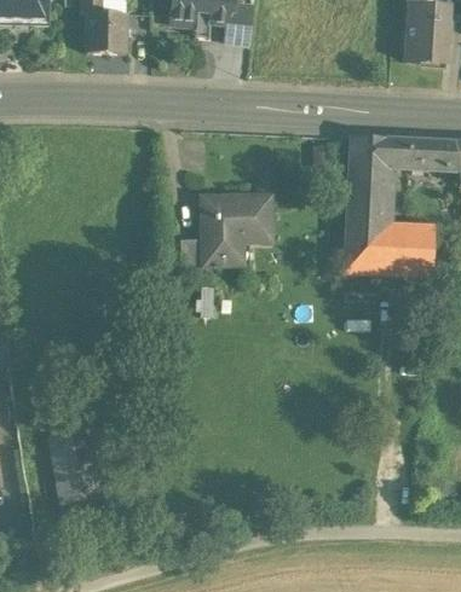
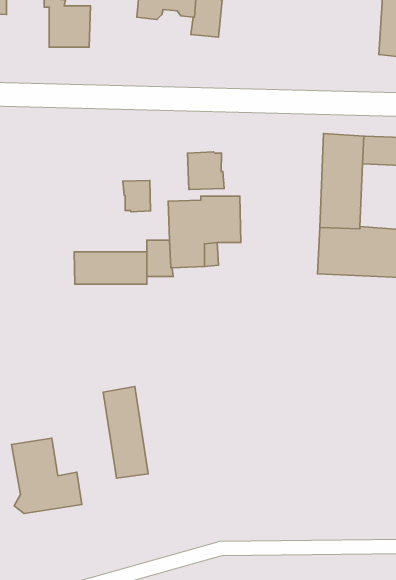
building: none -> [188,152,224,189]
building: none -> [123,181,151,212]
building: none -> [74,252,147,284]
building: none -> [103,387,148,478]

